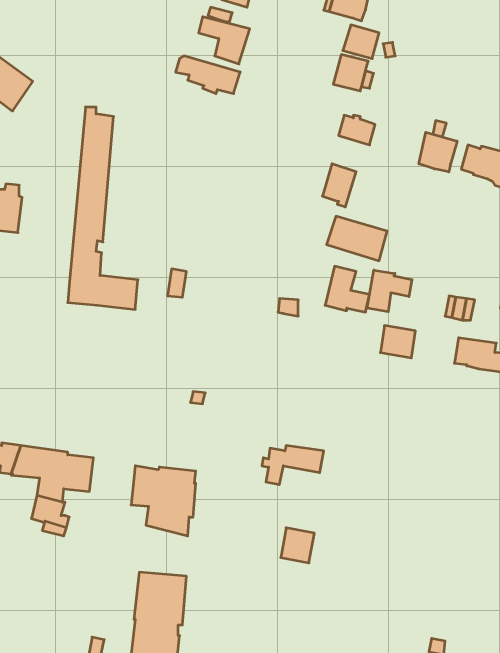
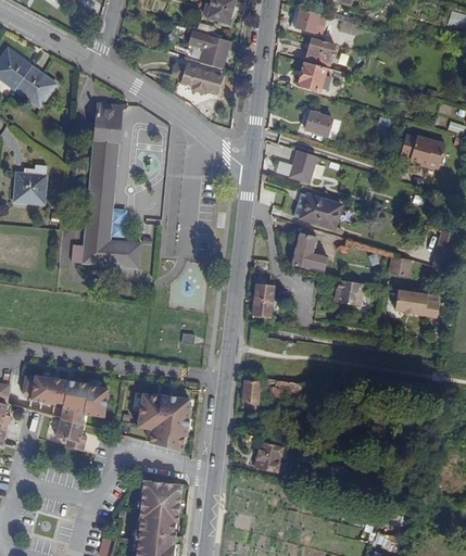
building: [419,132,457,172] -> none
building: [367,270,412,312] -> none
building: none -> [251,273,272,317]

